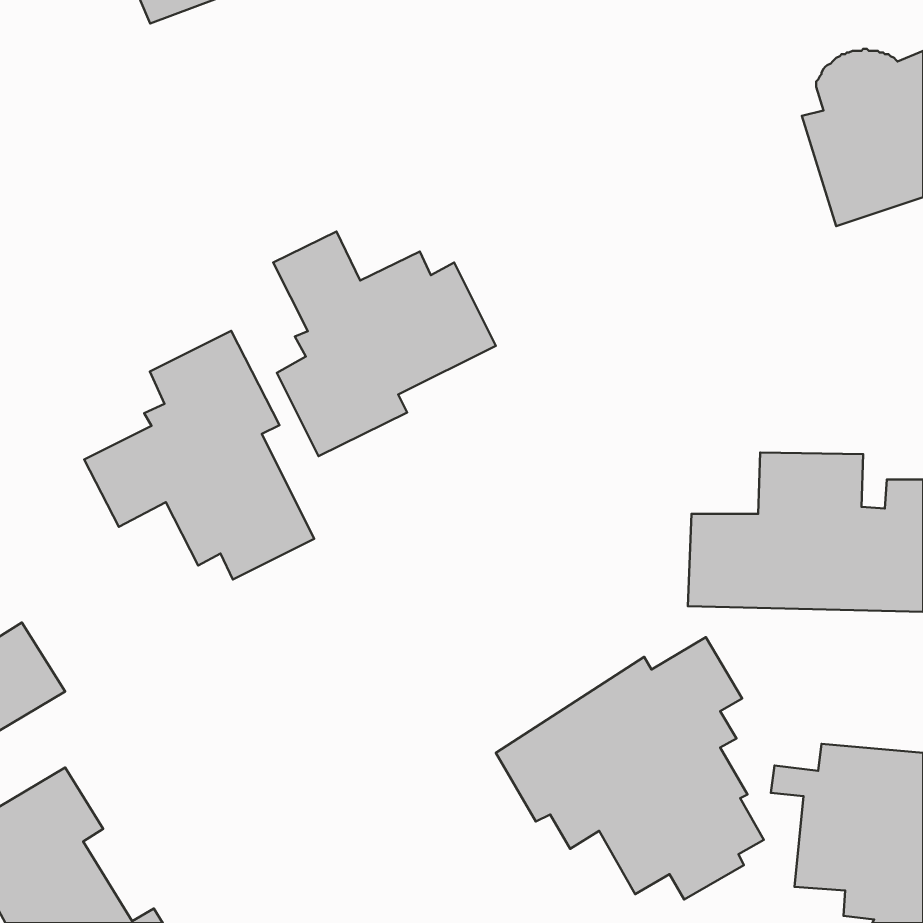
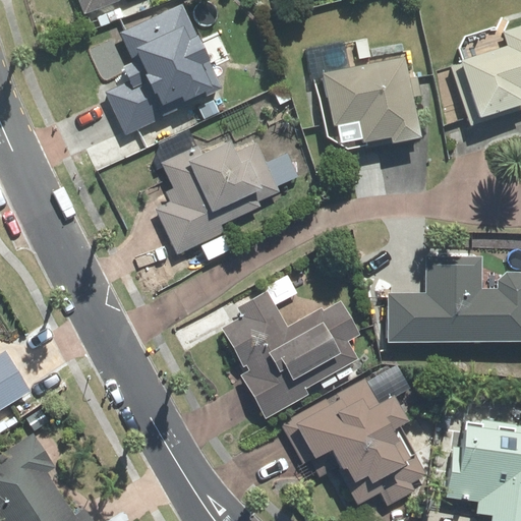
building: none -> [109,6,229,132]
building: none -> [314,54,421,155]
building: [84,331,314,580] -> none
building: none -> [223,289,360,420]

